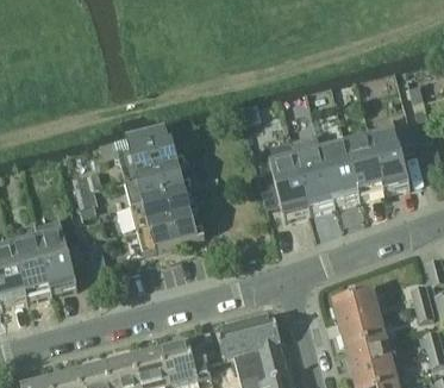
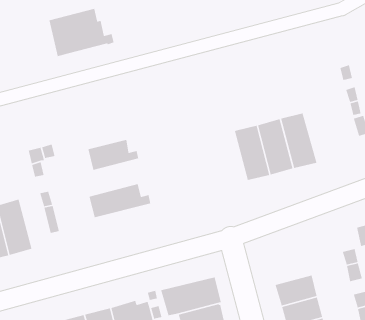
building: [114,125,186,179] -> [48,8,114,57]
building: [369,129,409,190] -> none
building: [257,143,308,217] -> none
building: [131,186,199,226] -> none
building: [332,288,379,321] -> none

